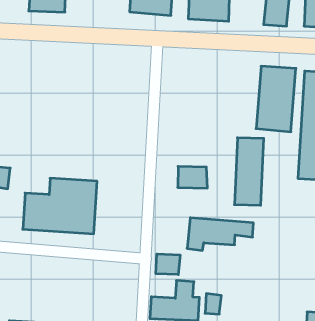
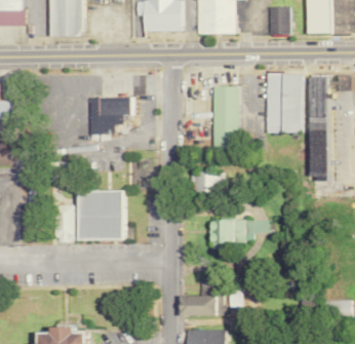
building: none -> [89,97,134,135]
building: [234,138,264,205] -> [214,86,240,150]
building: [156,254,180,275] -> none

